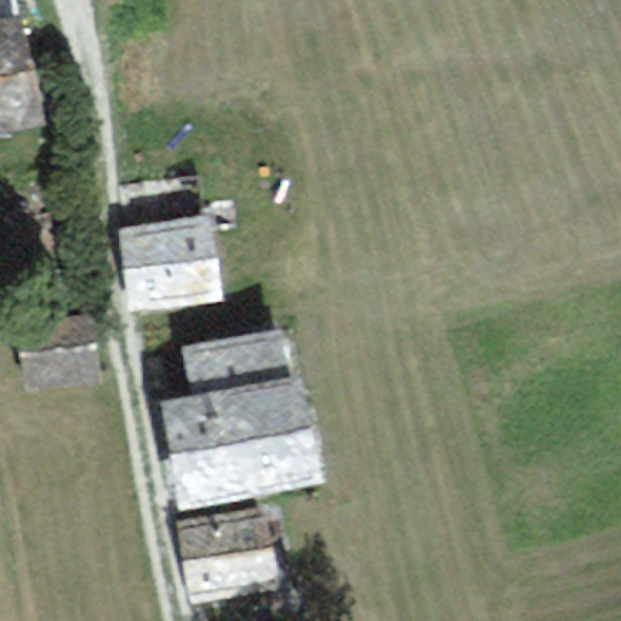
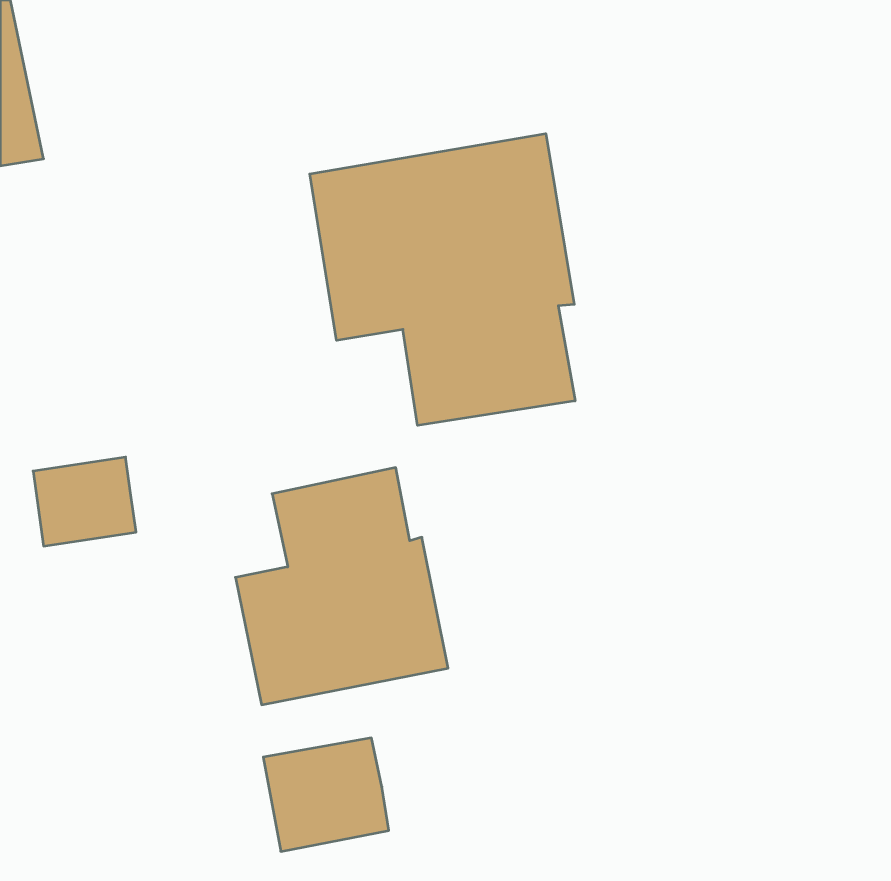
building: none -> [310,134,575,425]
building: [129,223,211,308] -> none

